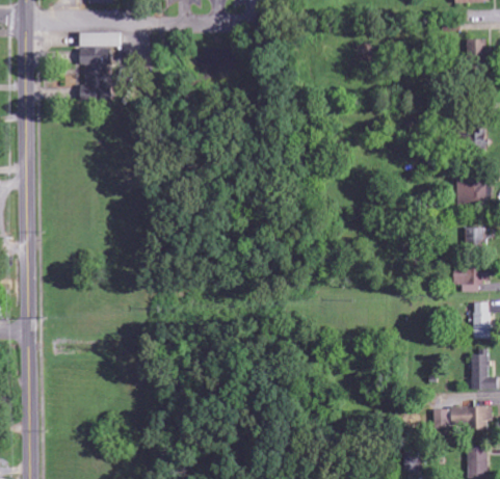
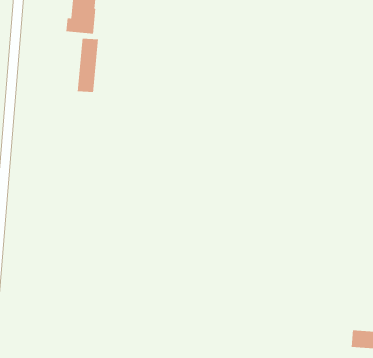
building: none -> [77,38,99,93]

